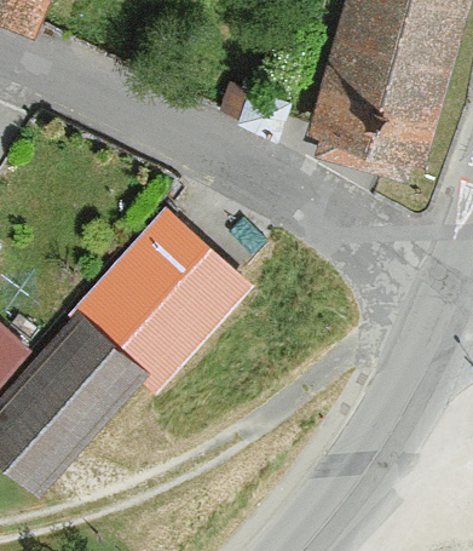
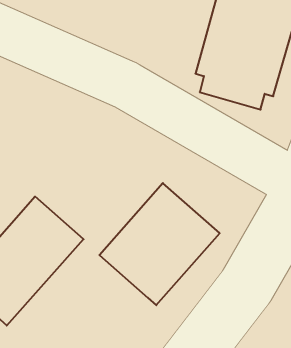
building: [79,203,253,380] -> [99,183,220,305]

